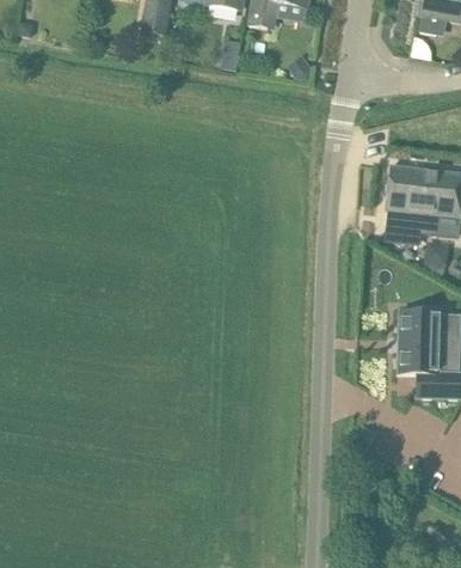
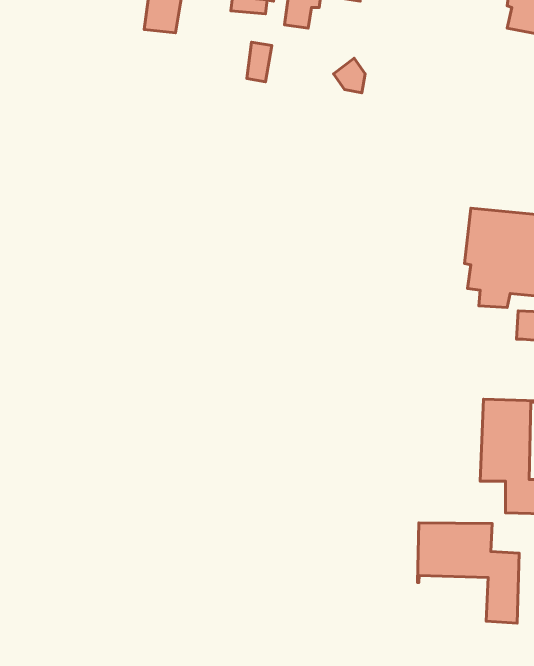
building: none -> [417,523,519,623]

